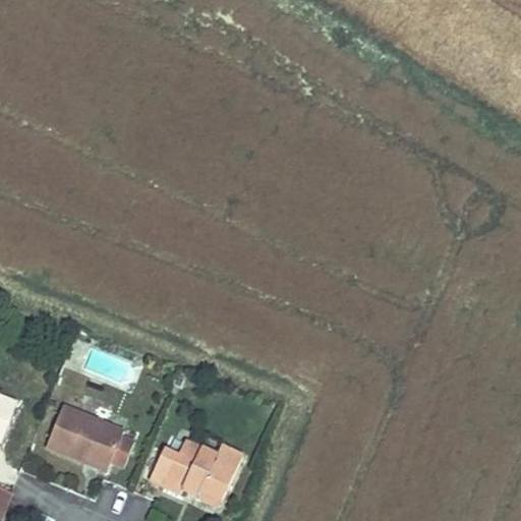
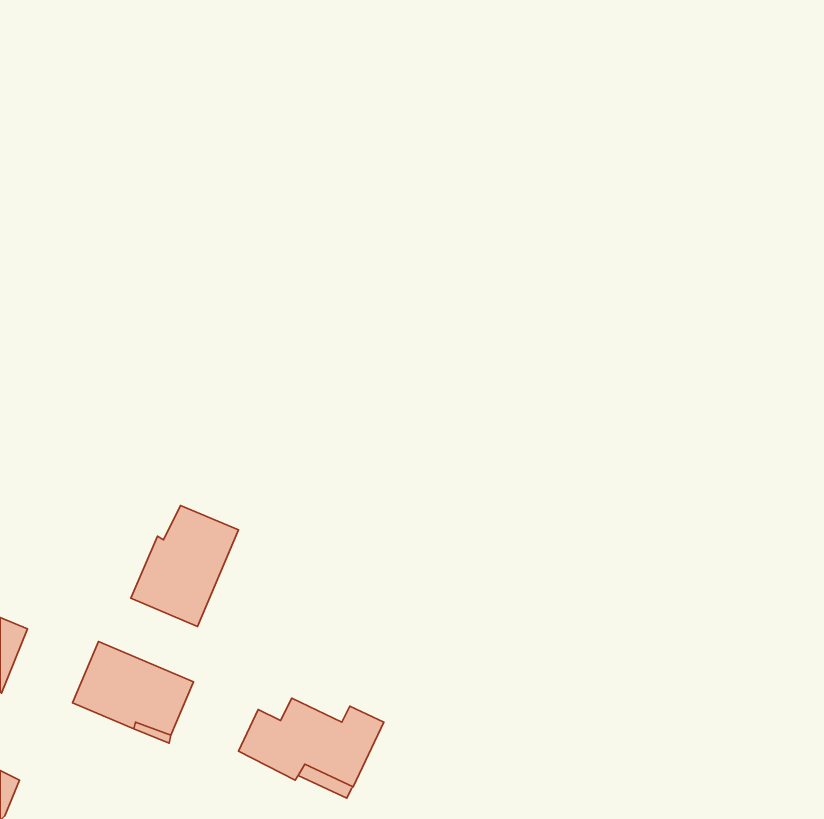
building: none -> [131,505,238,626]

